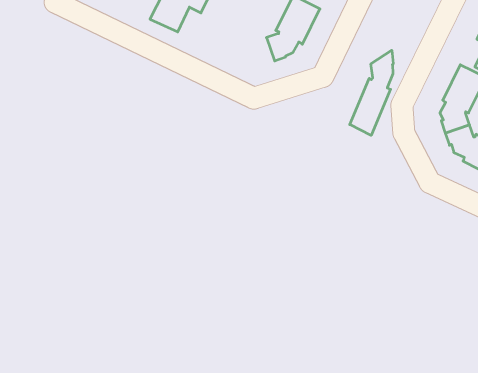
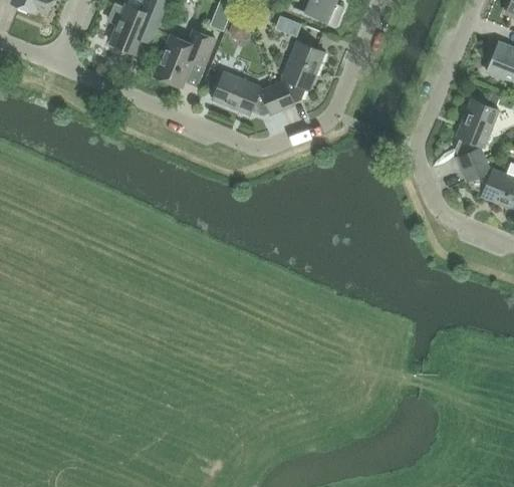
building: none -> [213,71,283,115]
building: [350,50,393,135] -> none

